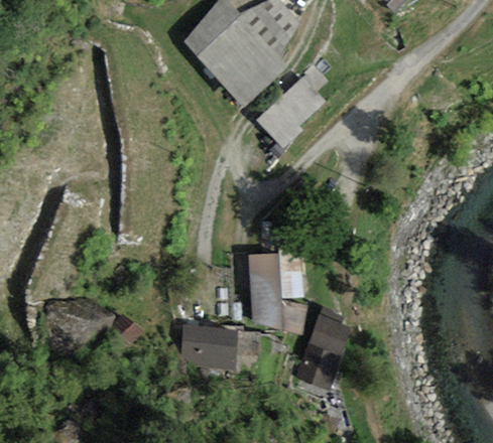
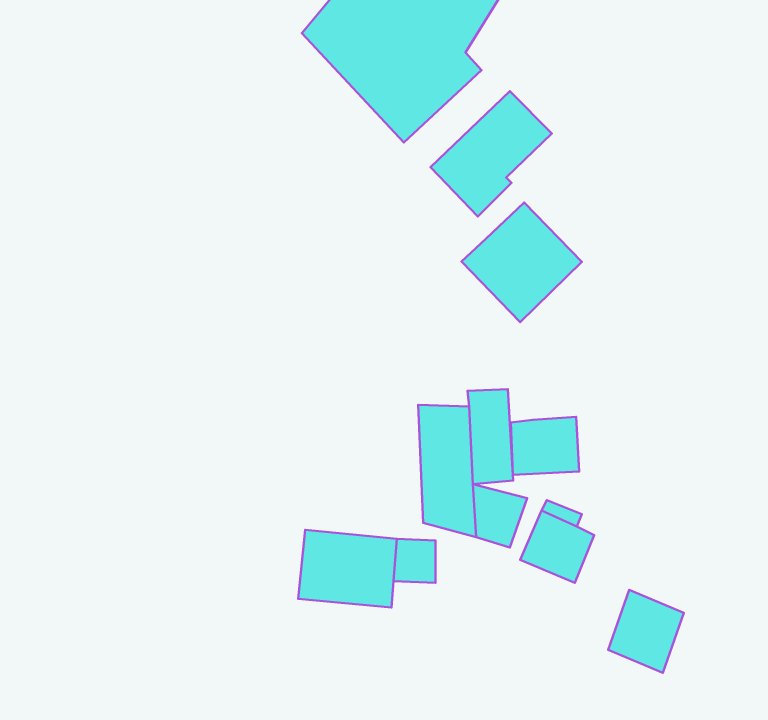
building: none -> [462,202,582,322]
building: none -> [511,417,579,475]
building: [295,342,339,390] -> [608,590,684,673]

